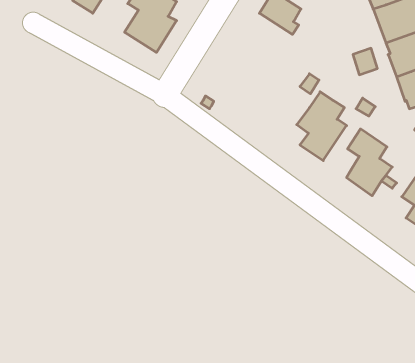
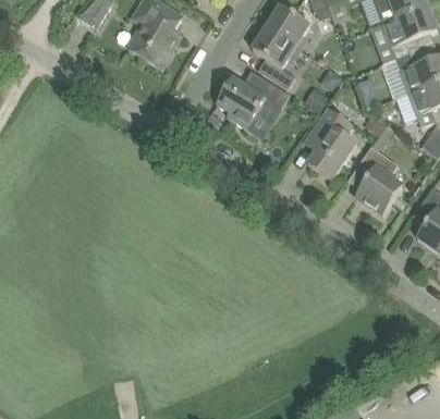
building: none -> [253,27,301,87]
building: none -> [216,75,290,127]

